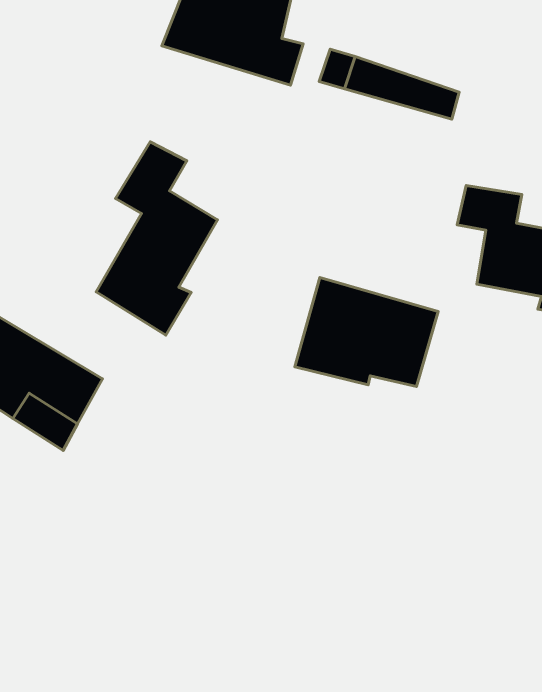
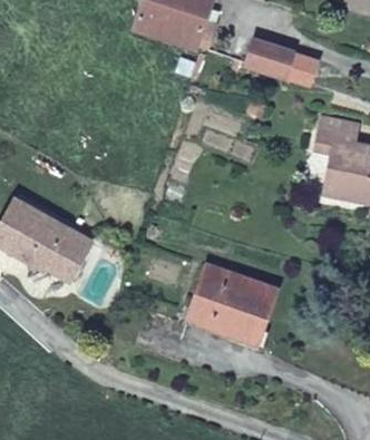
building: [96,142,218,335] -> none
building: [295,277,438,387] -> [187,266,276,334]

